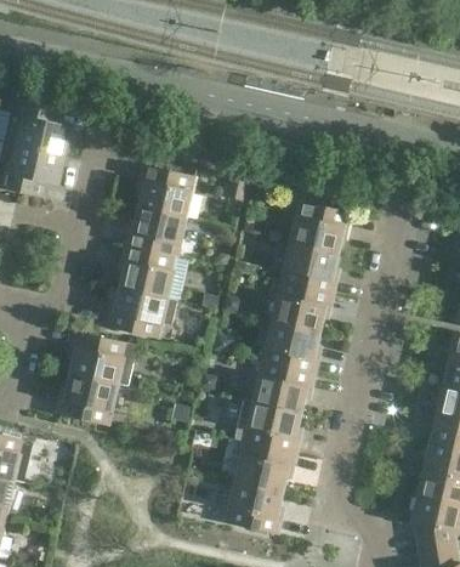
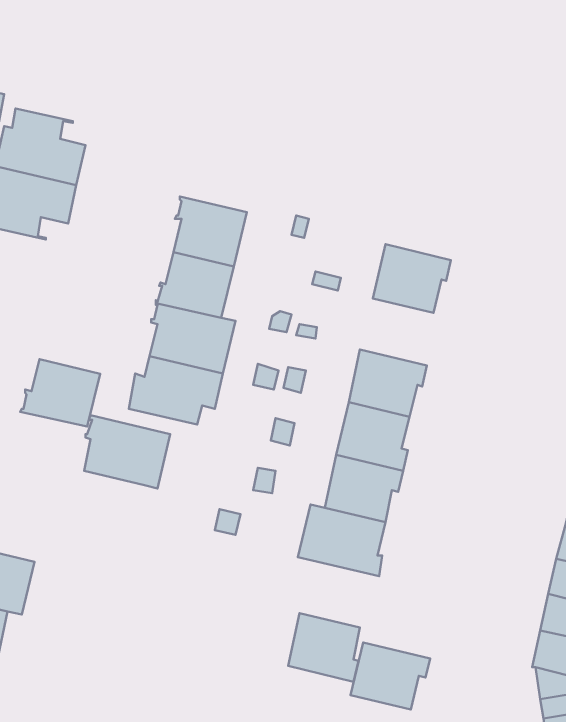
building: [282,243,337,294] -> none
building: [57,374,118,425] -> [20,359,100,426]
building: [235,442,296,493] -> [350,642,430,710]

